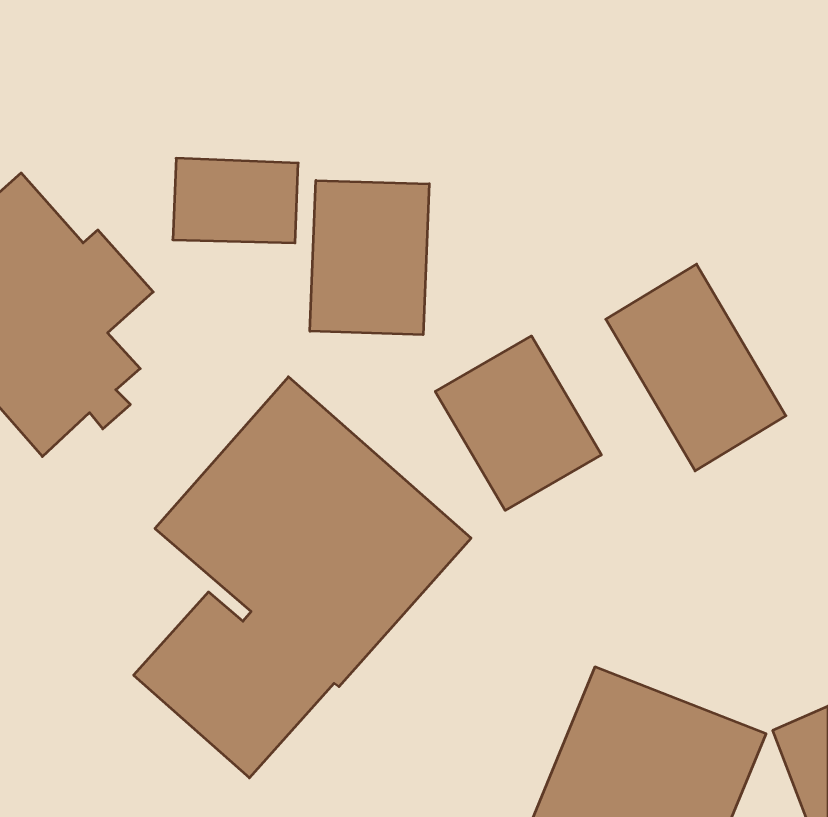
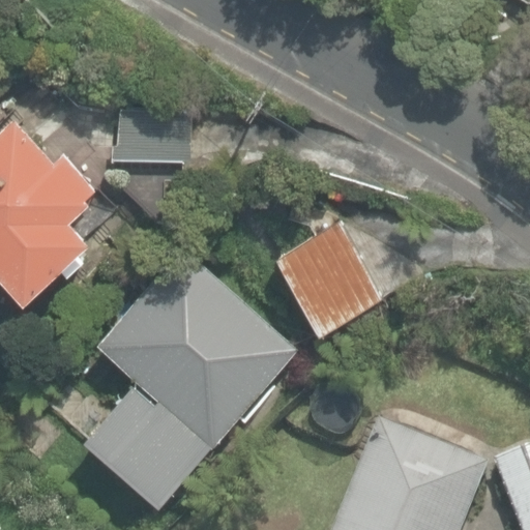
building: [310,180,429,335] -> none
building: [606,264,786,471] -> none

